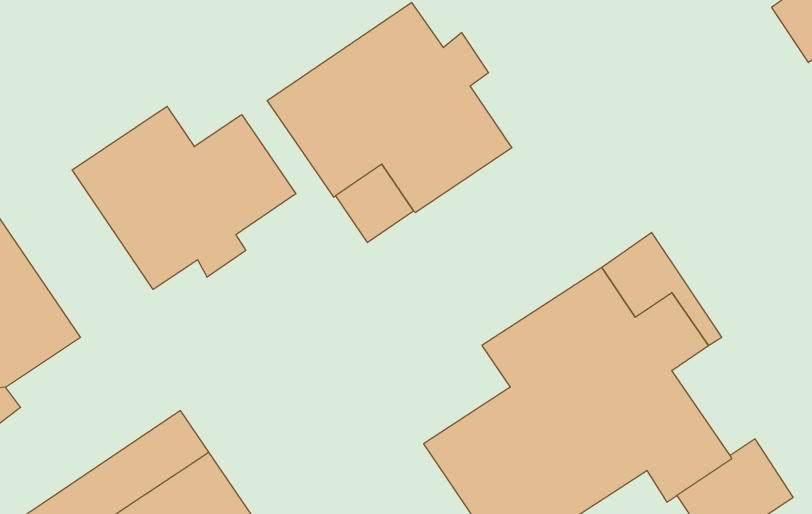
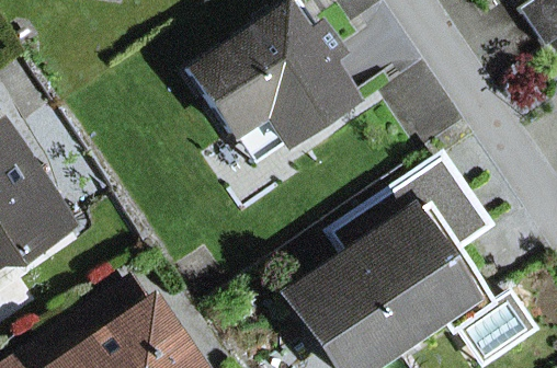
building: [72,106,296,289] -> none

